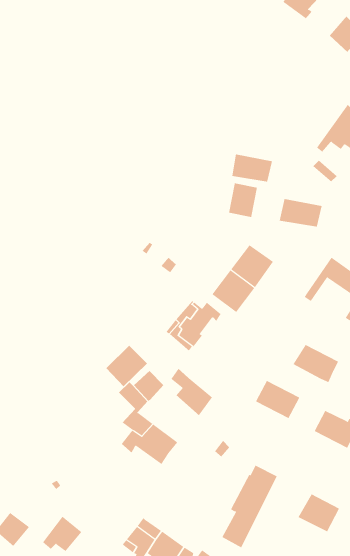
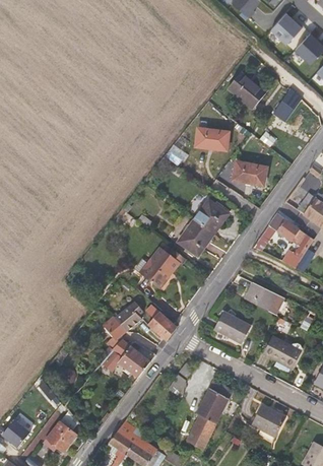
building: none -> [229,69,266,106]
building: [228,183,257,218] -> none
building: [106,345,148,387] -> none

